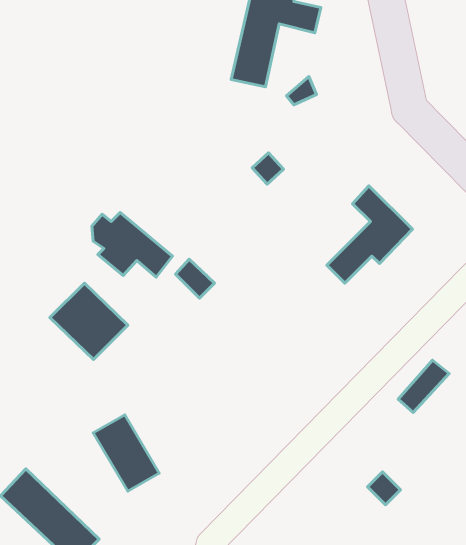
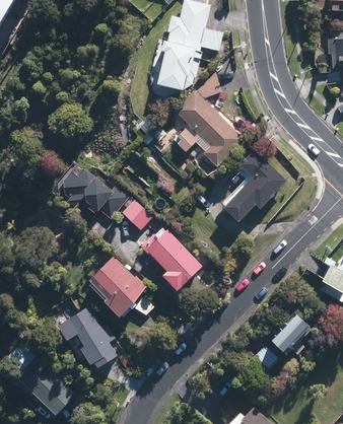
building: none -> [177,94,241,164]
building: [50,283,128,360] -> [92,258,145,309]
building: none -> [149,233,200,283]
building: [398,360,449,413] -> [273,314,307,350]

